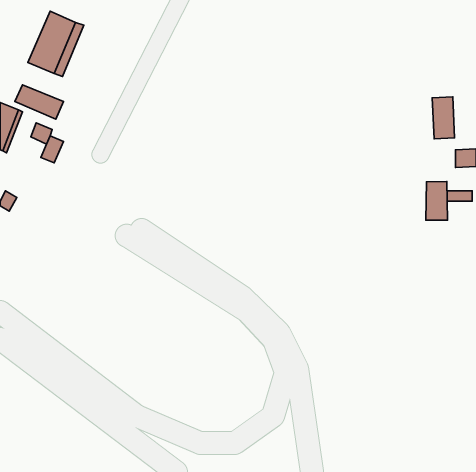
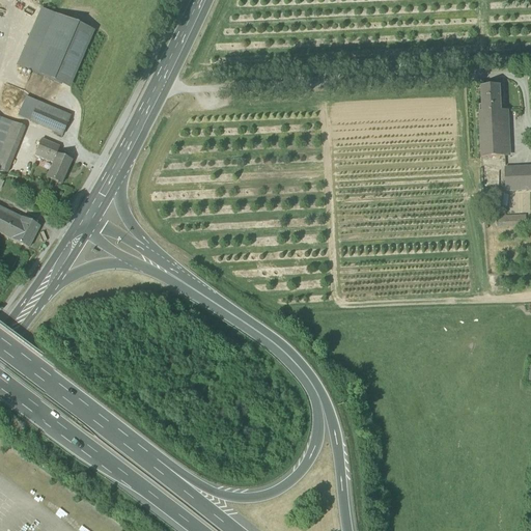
building: none -> [16,5,56,69]
building: none -> [481,84,504,109]
building: [426,182,447,220] -> none
building: none -> [10,215,39,245]

